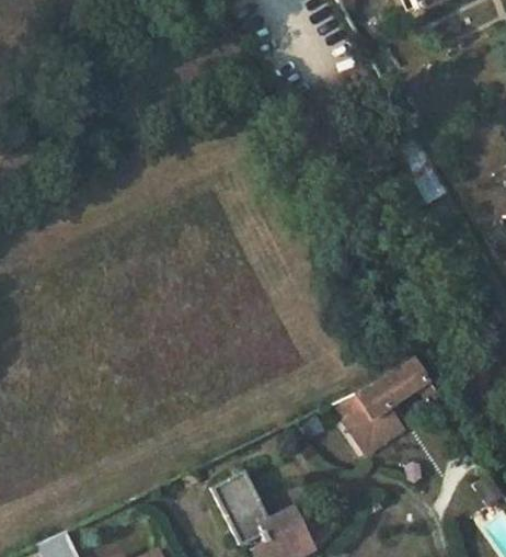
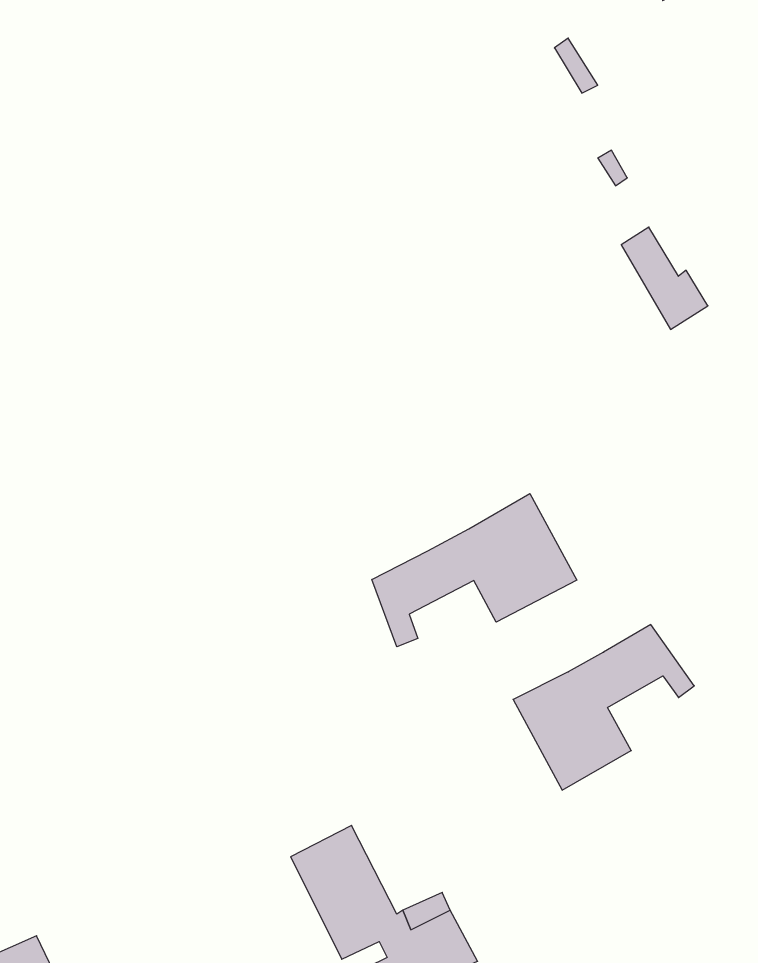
building: none -> [372,494,577,647]

